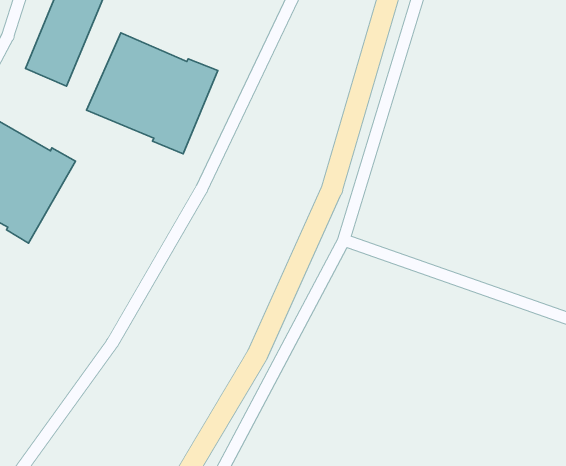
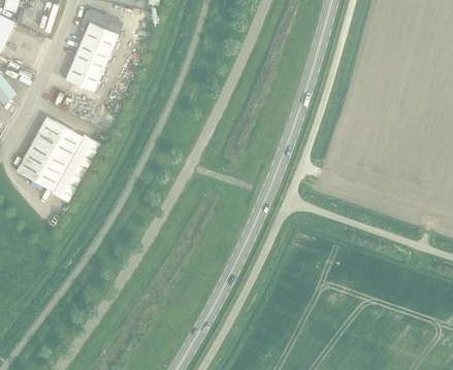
building: [87,33,218,154] -> none

